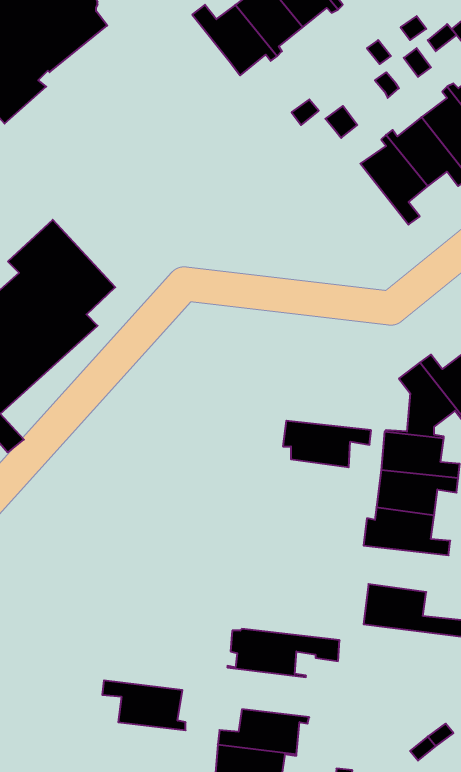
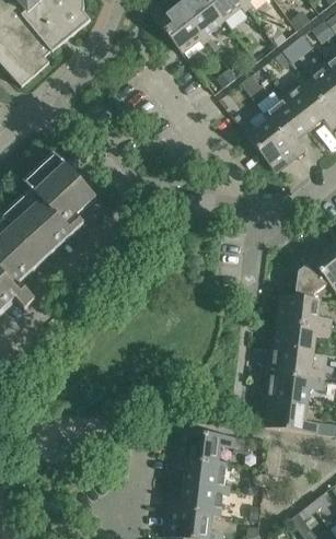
building: none -> [240,113,297,172]
building: [283,421,371,467] -> [264,373,324,405]
building: [102,680,186,730] -> [172,456,229,490]

